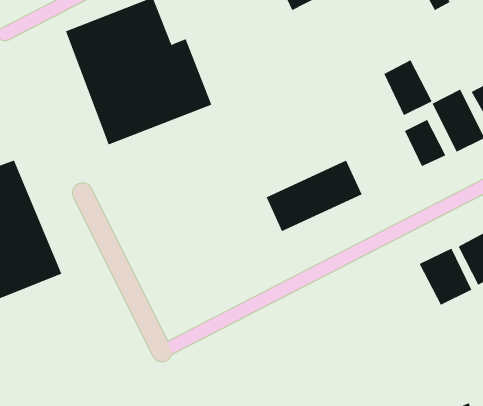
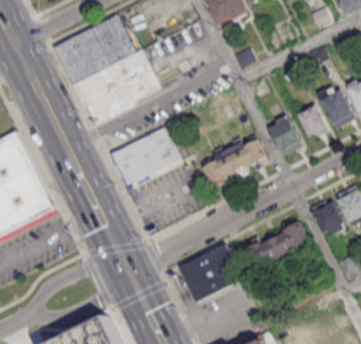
building: [383,60,432,116] -> [267,115,302,156]
building: none -> [109,128,180,185]
building: none -> [243,222,311,272]
building: none -> [178,244,243,303]

